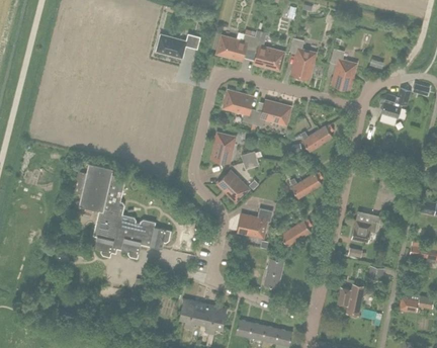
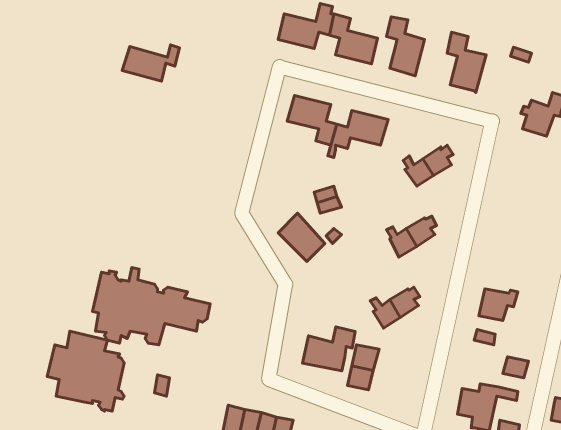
building: [156,33,194,58] -> [122,45,179,81]
building: [211,134,235,162] -> none
building: [73,162,124,215] -> [47,331,124,411]
building: [237,208,272,238] -> [302,327,355,371]

